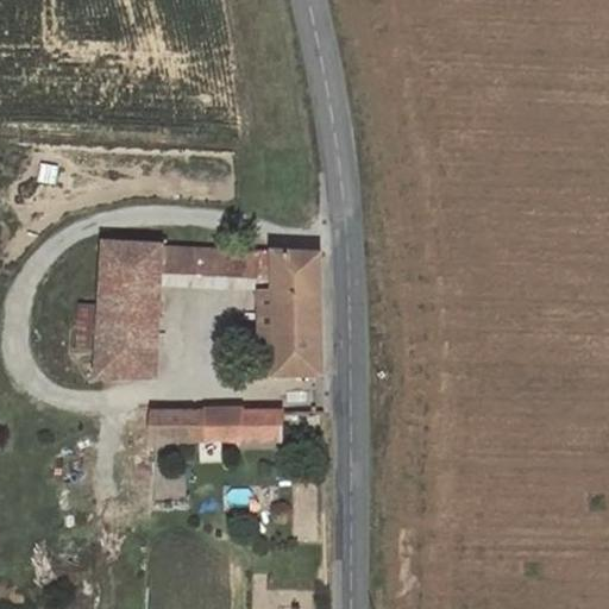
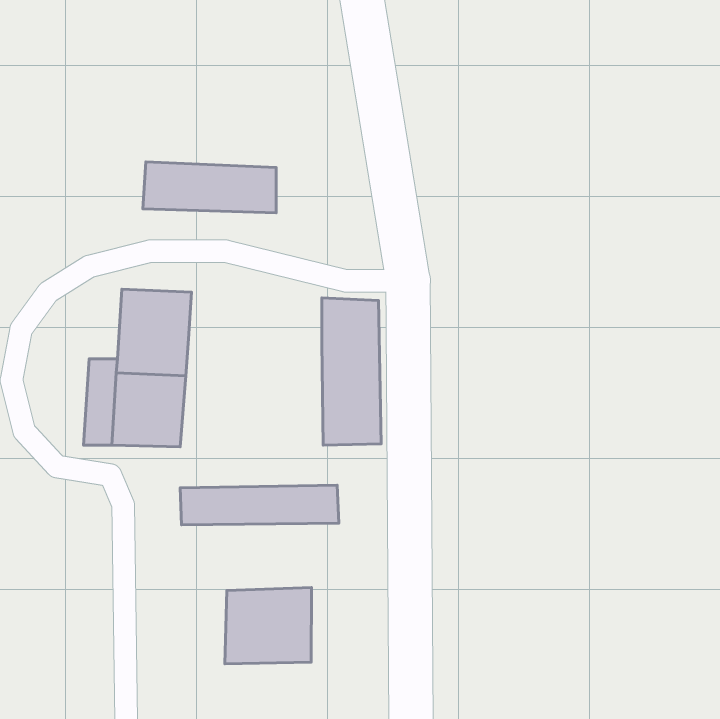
building: [158,245,270,288] -> [143,162,276,213]
building: none -> [225,588,311,664]

